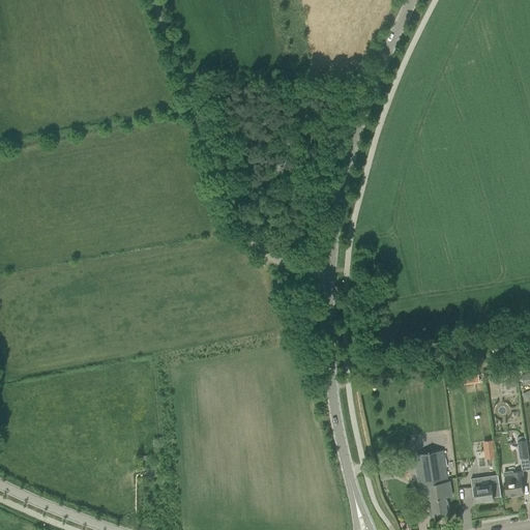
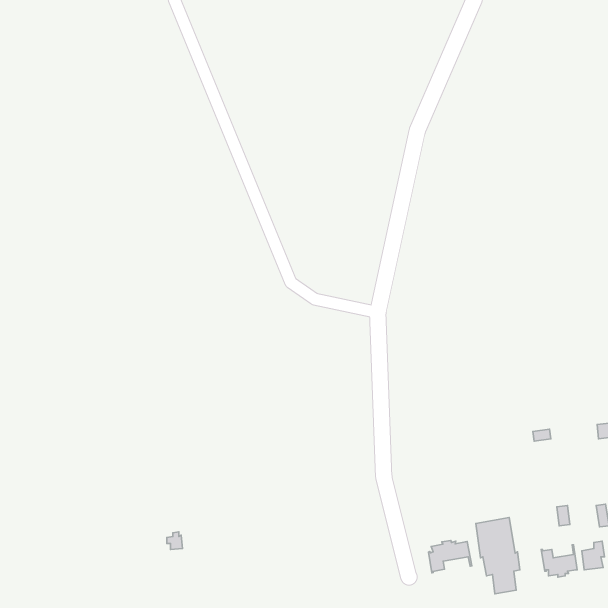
building: none -> [429,540,472,573]

